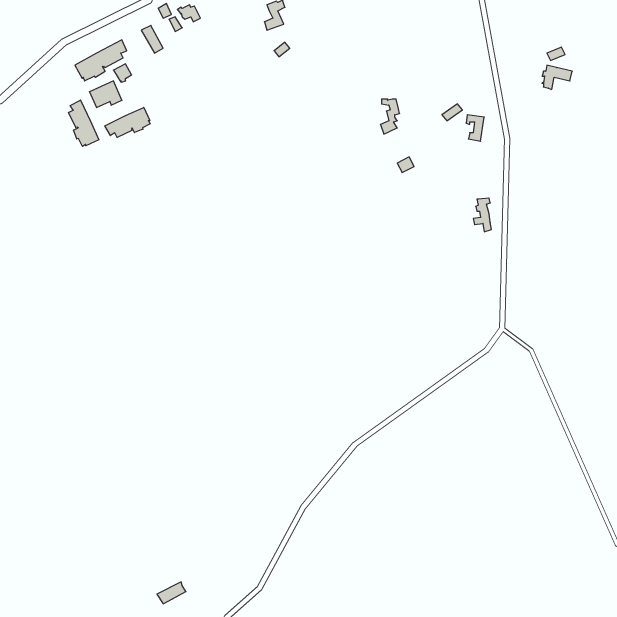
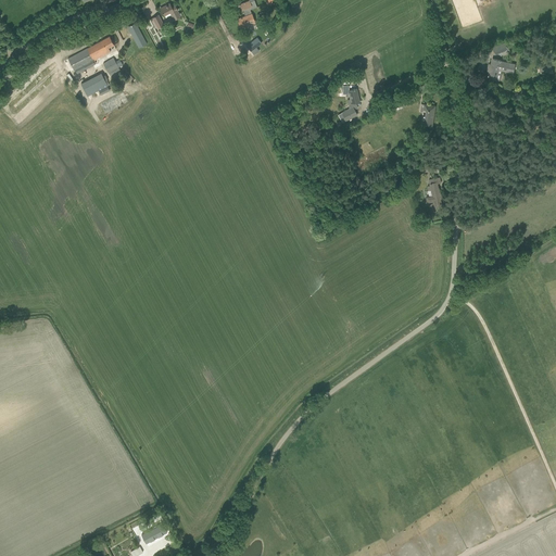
building: [69,100,99,146] -> none
building: [105,107,150,137] -> none

